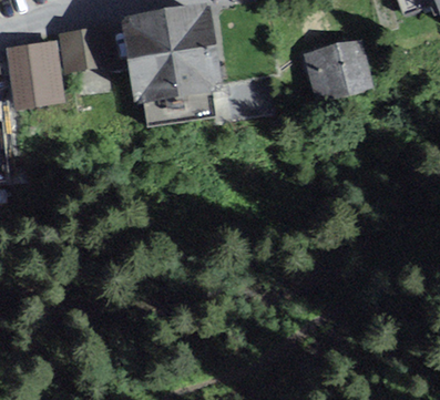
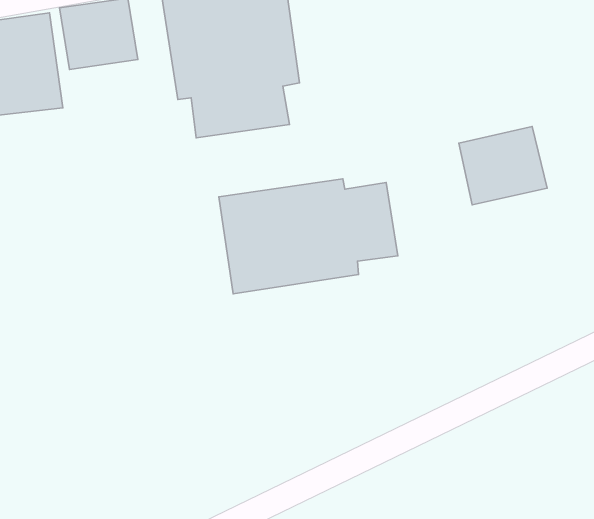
building: [306,43,365,95] -> [459,127,547,205]
building: none -> [219,179,398,294]

